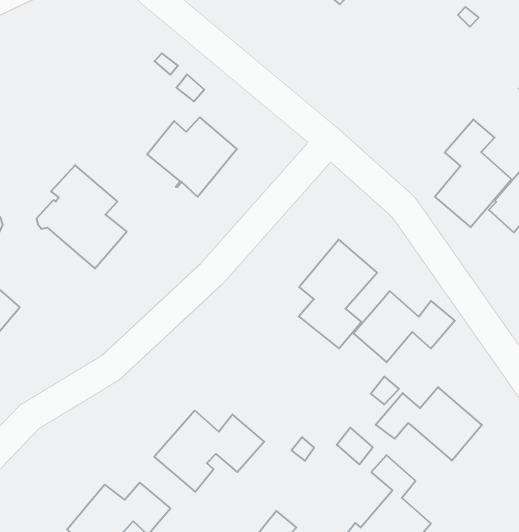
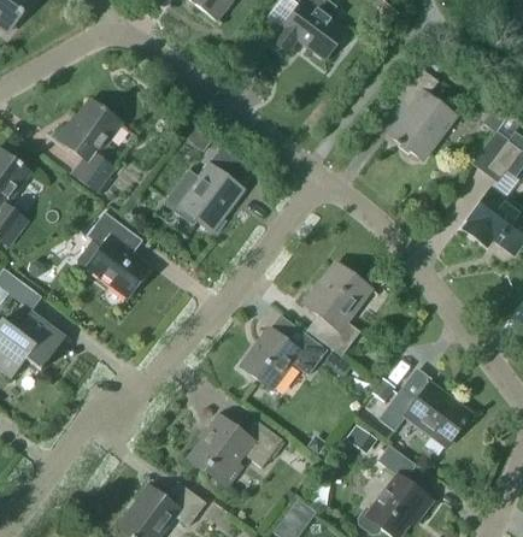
building: none -> [58,99,122,191]
building: [435,119,511,227] -> [390,66,456,159]
building: [353,291,455,362] -> [241,327,328,389]

